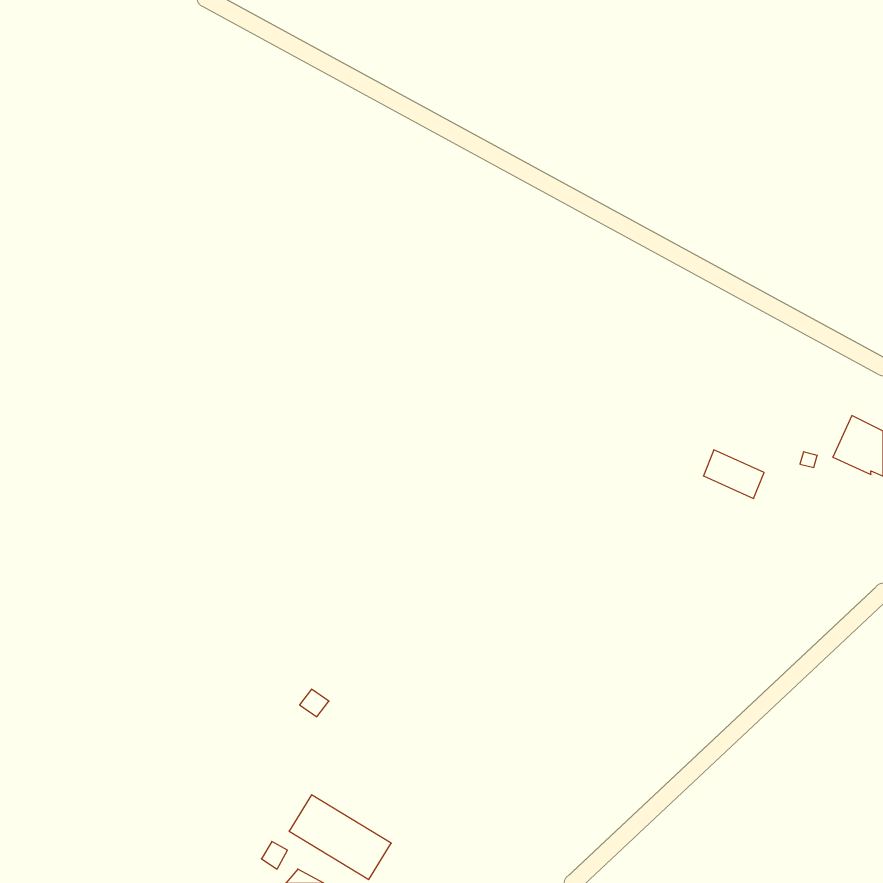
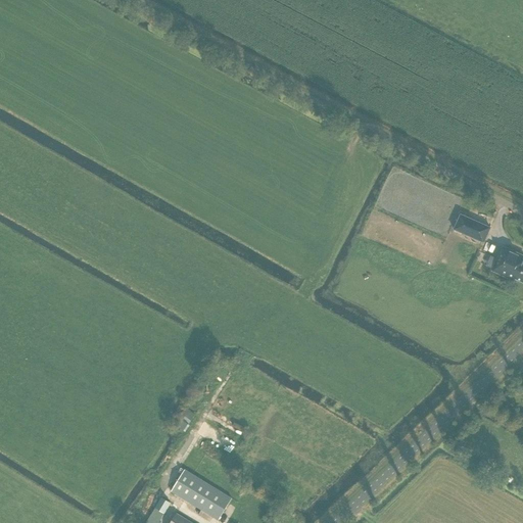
building: [703,450,764,498] -> [454,213,489,242]

